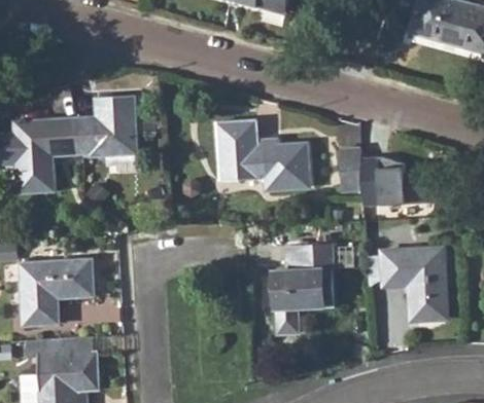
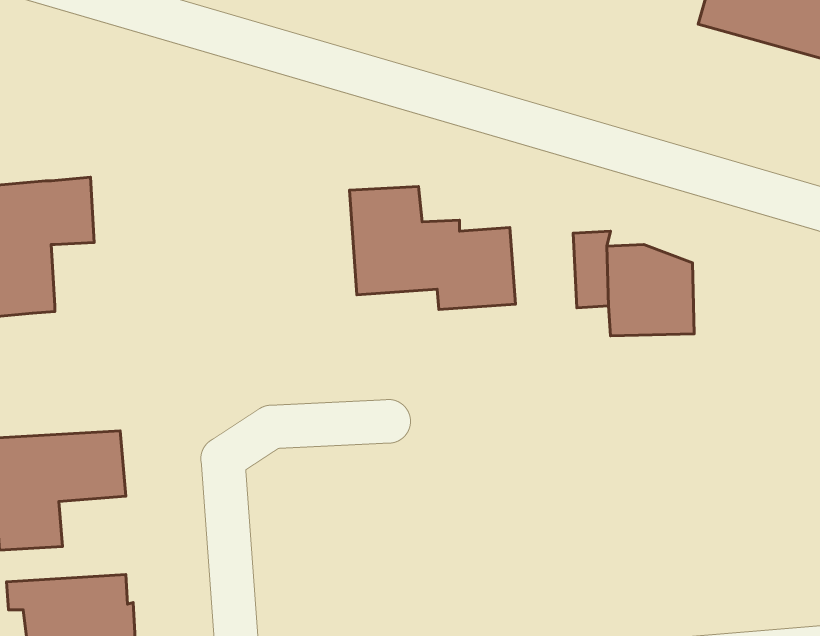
building: [73,96,136,156] -> none
building: [275,248,336,336] -> none
building: [382,250,447,322] -> none

